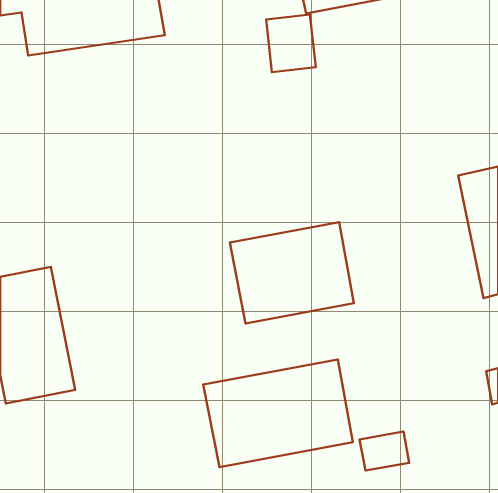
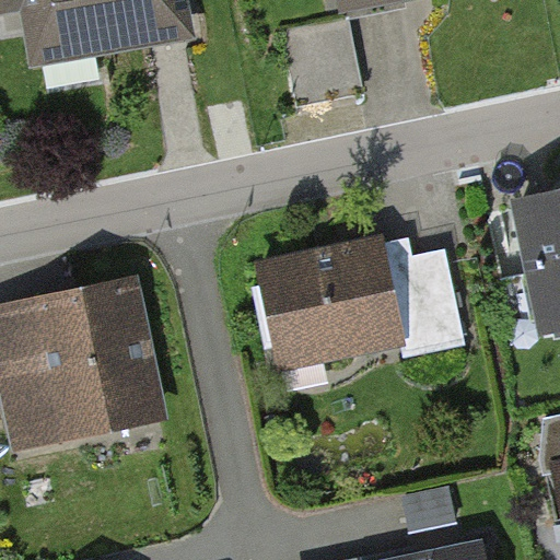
building: none -> [390,250,457,342]
building: none -> [57,284,162,438]
building: [203,359,353,467] -> none

